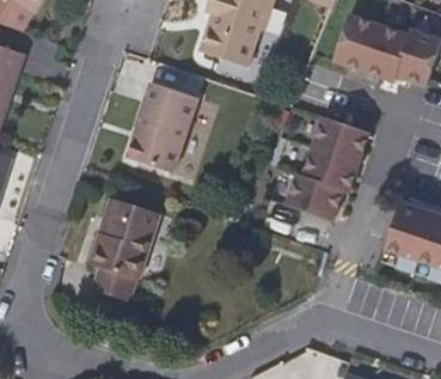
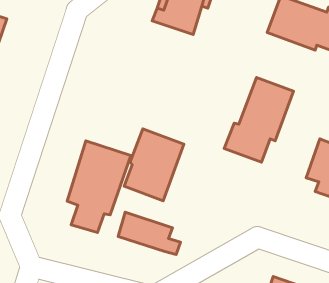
building: [123,84,196,172] -> [124,129,184,201]
building: none -> [118,212,181,255]

